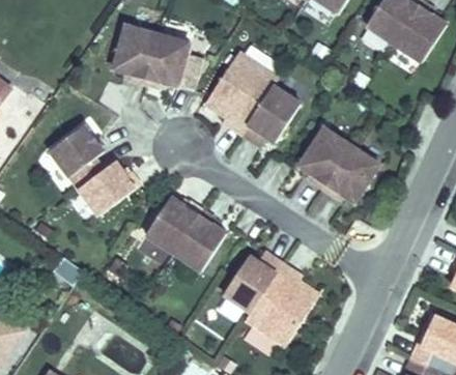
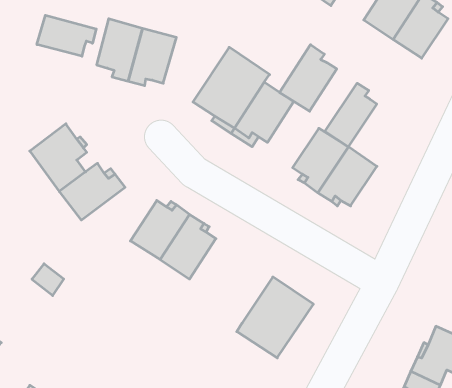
building: none -> [37,15,96,56]
building: none -> [280,45,337,111]
building: none -> [325,83,377,147]
building: [223,255,280,312] -> none

